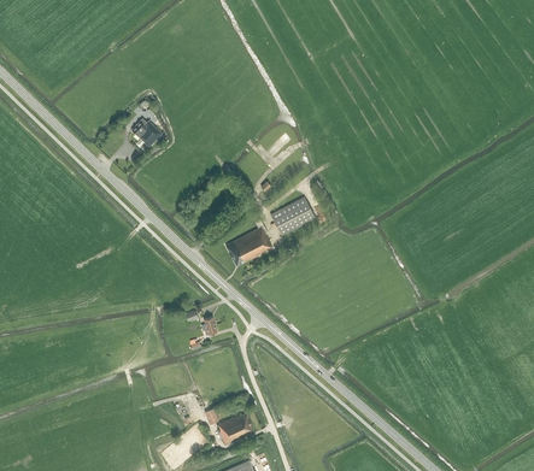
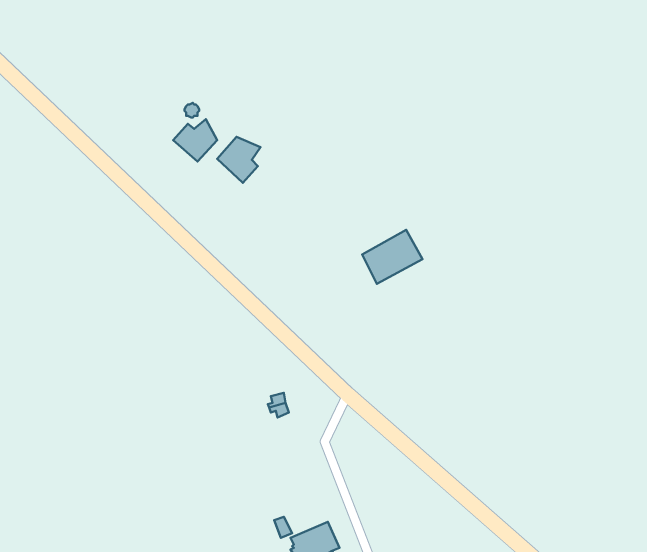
building: none -> [217,137,260,183]
building: [224,219,271,265] -> none

